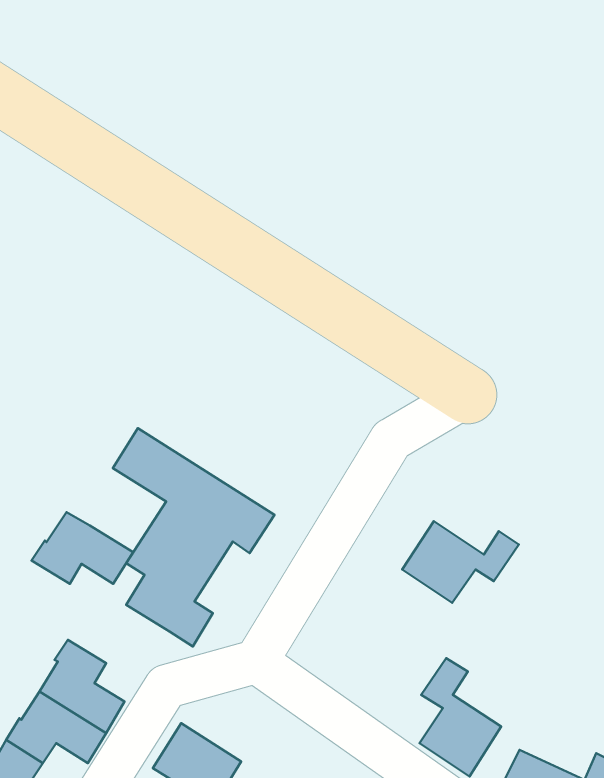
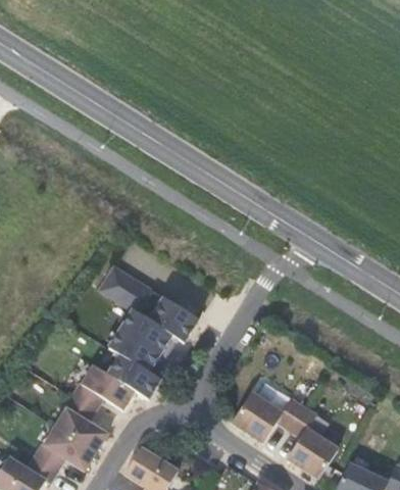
building: [32,512,133,584] -> [71,365,134,409]
building: [402,521,519,603] -> [232,392,303,442]

